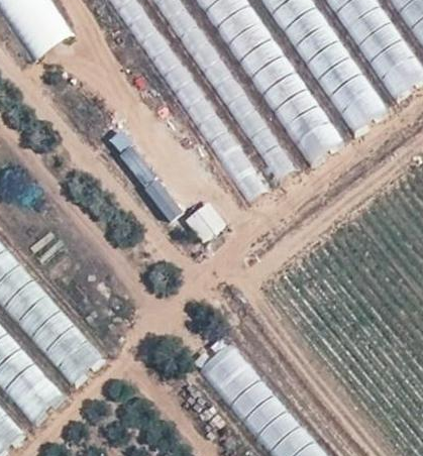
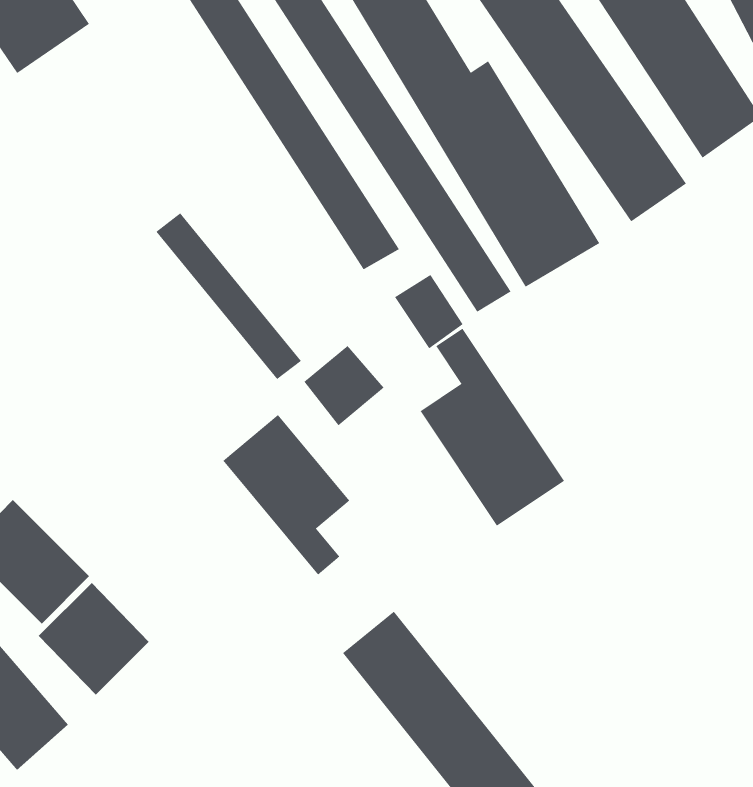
building: none -> [420,328,565,526]
building: none -> [222,414,350,575]

